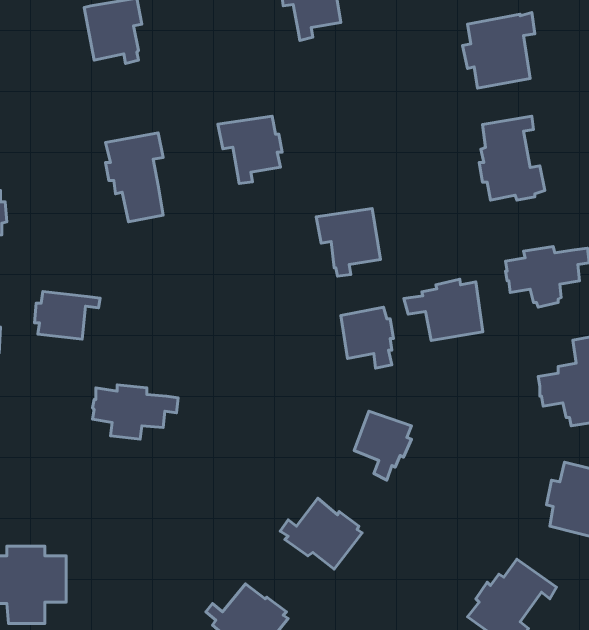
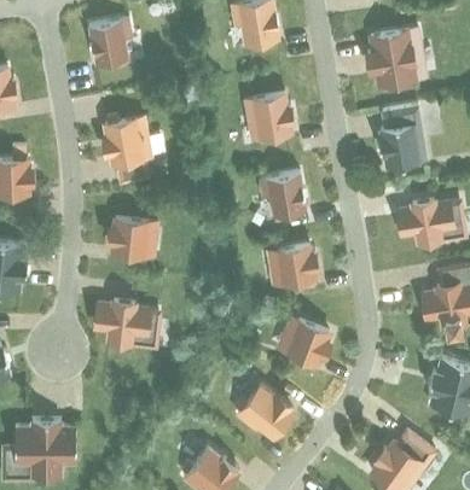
building: [218,116,282,184] -> [244,95,291,145]
building: [404,279,483,341] -> none
building: [35,291,100,339] -> [109,220,157,255]

